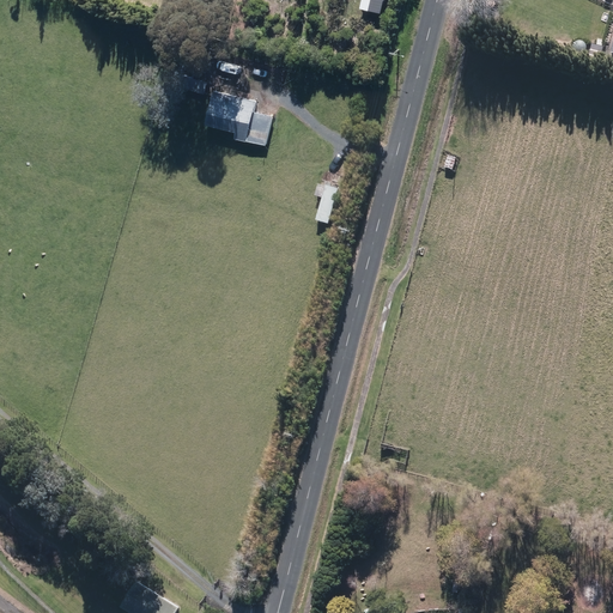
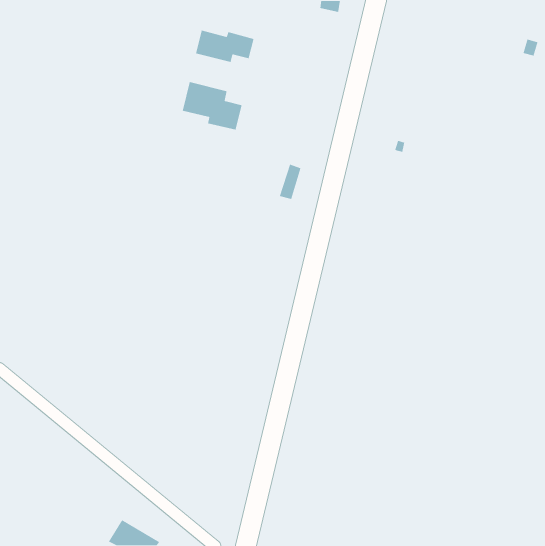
building: none -> [195,30,254,63]

